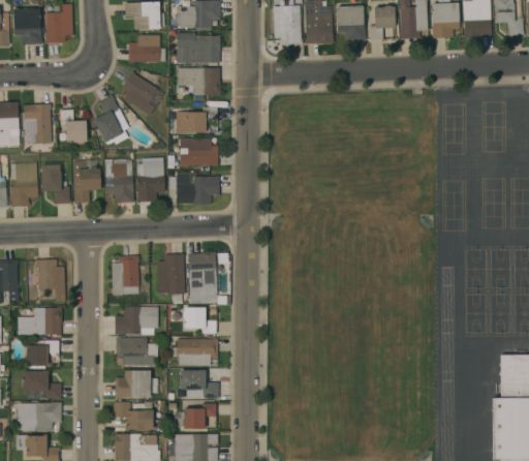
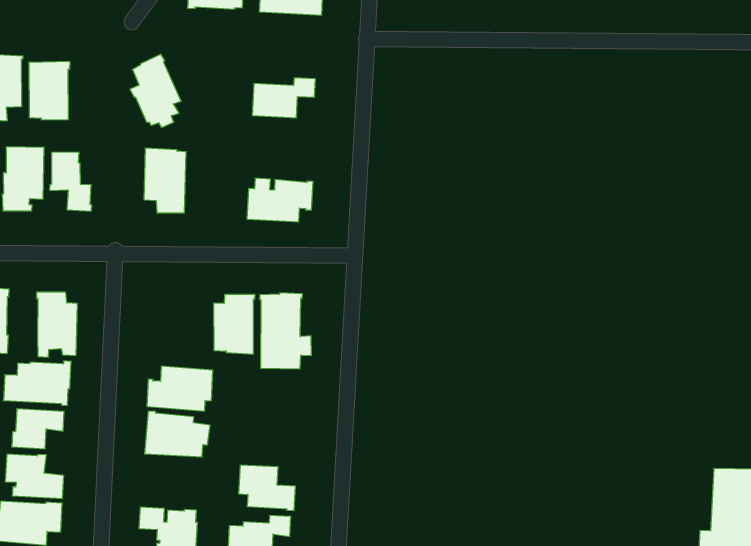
building: [177,67,220,95] -> none
building: [121,71,157,115] -> none
building: [60,110,87,143] -> none
building: [180,139,218,166] -> none
building: [136,157,164,202] -> none
building: [71,160,100,203] -> none
building: [111,255,138,296] -> none
building: [183,307,216,334] -> none
building: [176,338,217,366] -> none
building: [115,370,157,398] -> none

